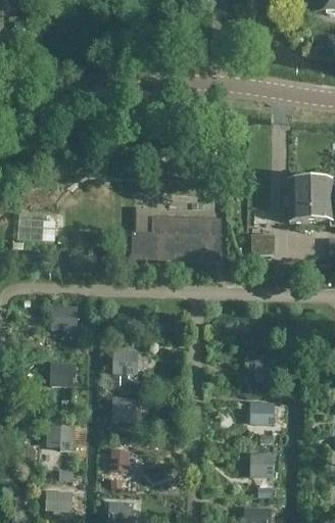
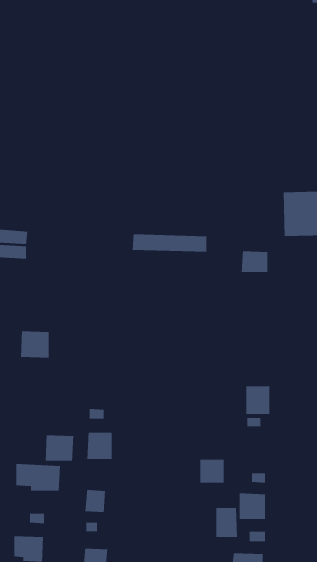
building: [132,232,221,260] -> none
building: [113,349,138,373] -> none
building: [50,362,77,386] -> [45,434,74,461]
building: [251,401,274,424] -> [200,459,224,484]
building: none -> [215,507,238,538]

